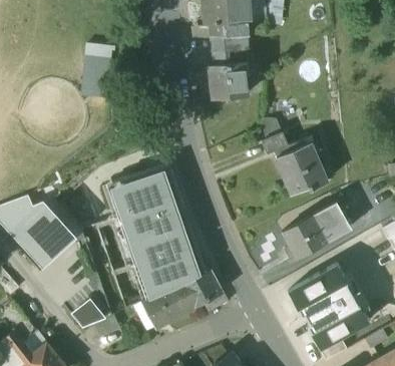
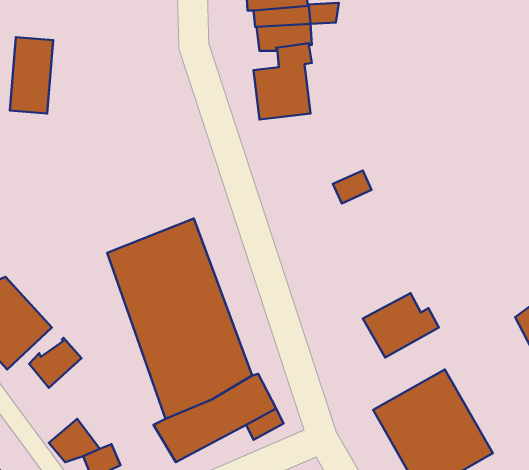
building: [81,43,110,94] -> [10,37,53,113]
building: [275,141,326,194] -> none
building: [313,203,350,238] -> none
building: none -> [29,338,82,388]

